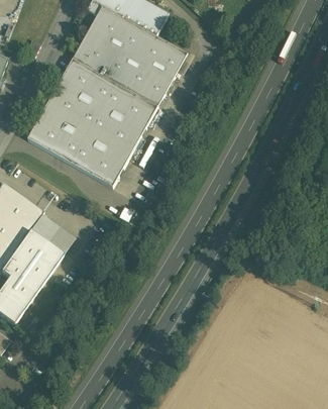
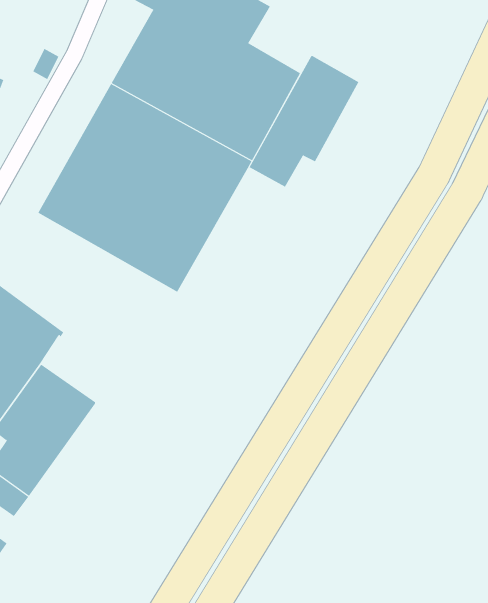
building: none -> [249,55,359,187]
building: [29,213,74,253] -> none

